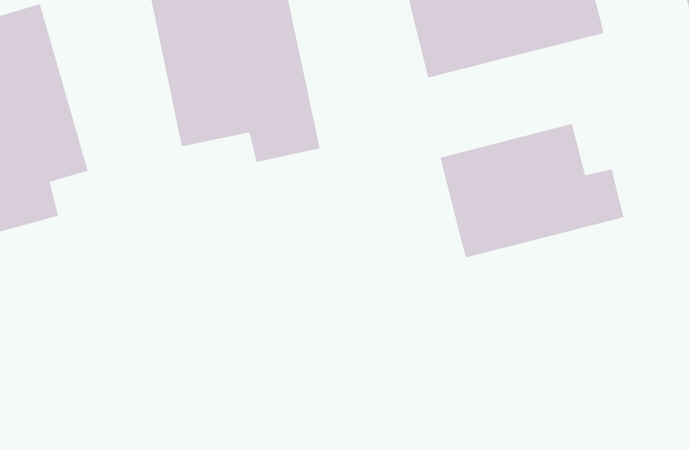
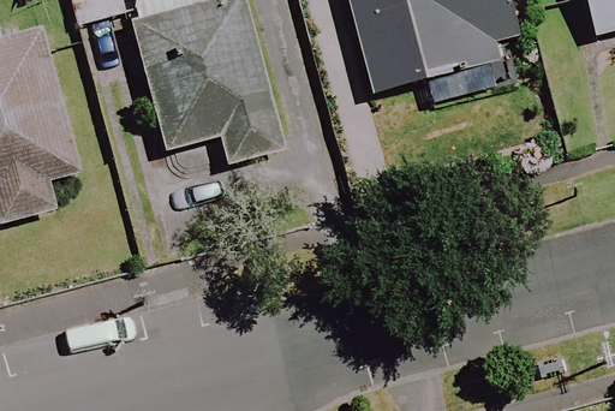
building: [440,123,624,258] -> none

